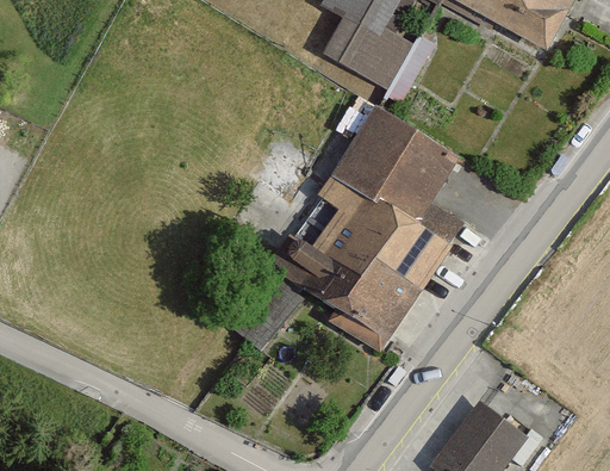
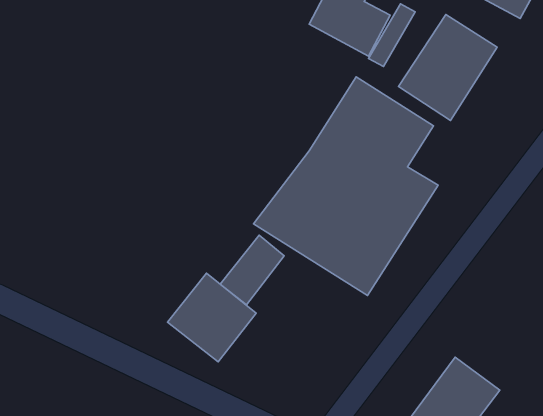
building: none -> [398,15,497,120]
building: none -> [167,273,256,362]

